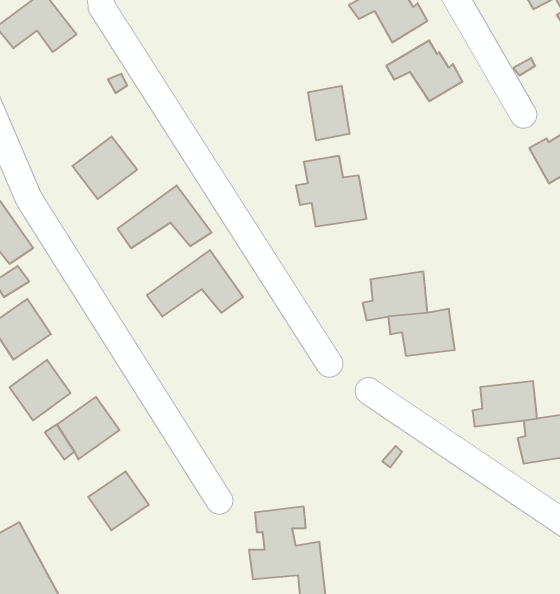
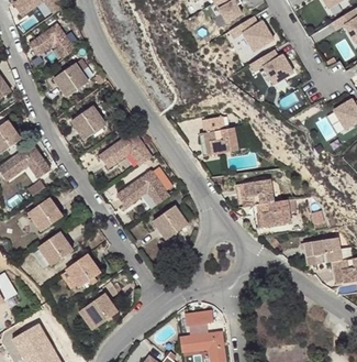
building: none -> [57,59,90,91]
building: [308,86,350,140] -> none
building: none -> [154,204,189,238]

